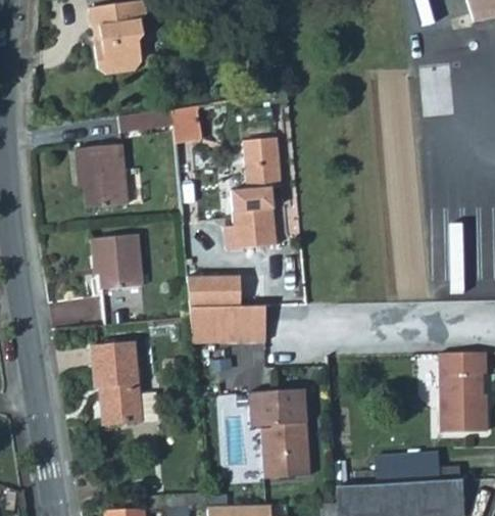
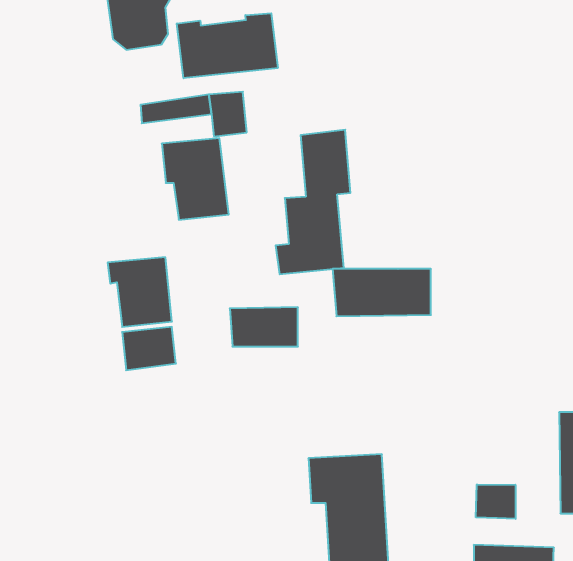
building: none -> [177,13,278,78]
building: [76,145,128,208] -> [162,138,229,220]
building: [190,306,266,342] -> [332,269,431,316]
building: [90,341,161,424] -> none
building: none -> [476,484,516,519]

